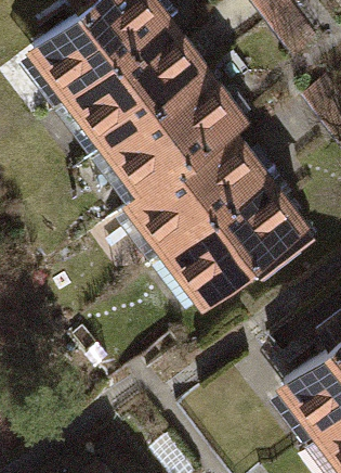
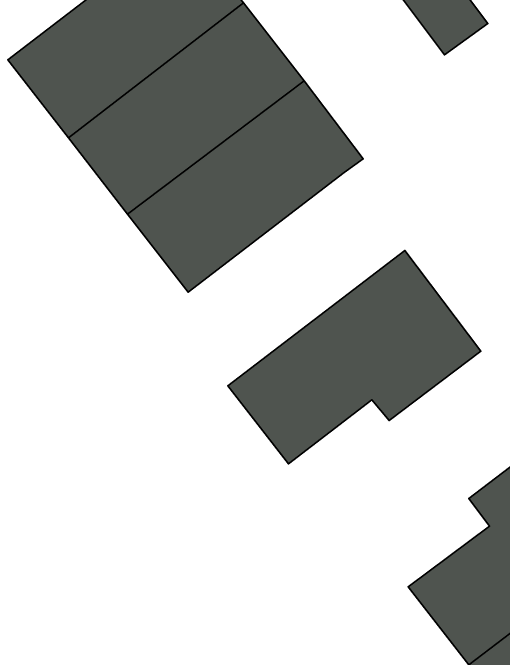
building: [127,133,274,267] -> none

